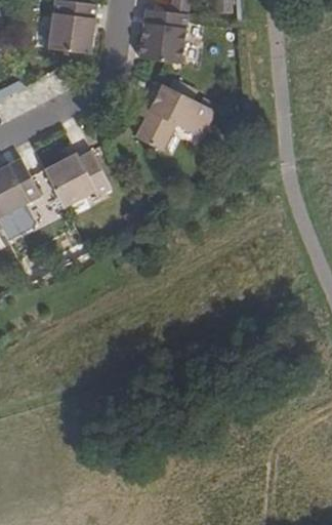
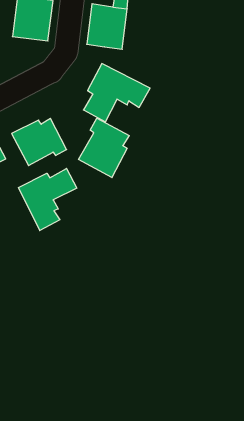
building: none -> [79,118,129,178]
building: none -> [19,168,77,231]

